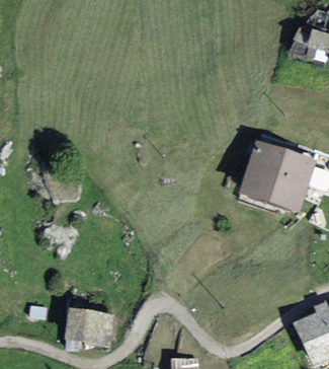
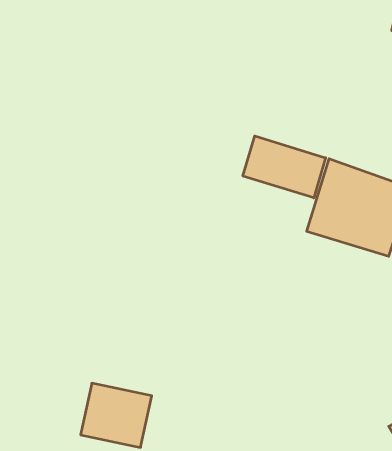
building: none -> [243,136,326,198]

